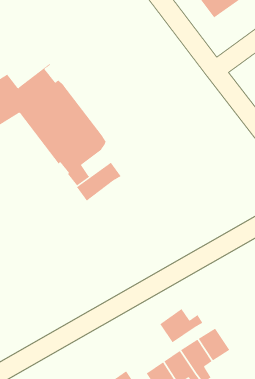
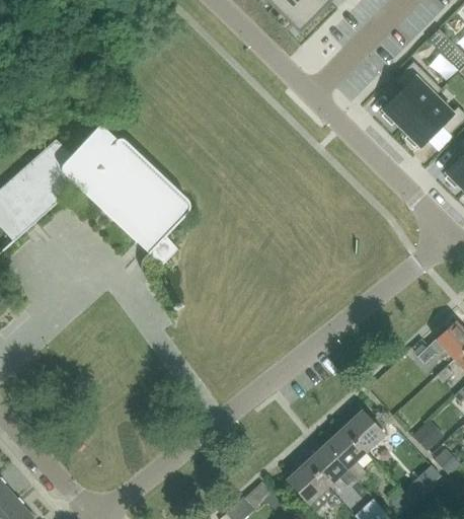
building: [76,162,121,202] -> none
building: [160,308,203,343] -> none

